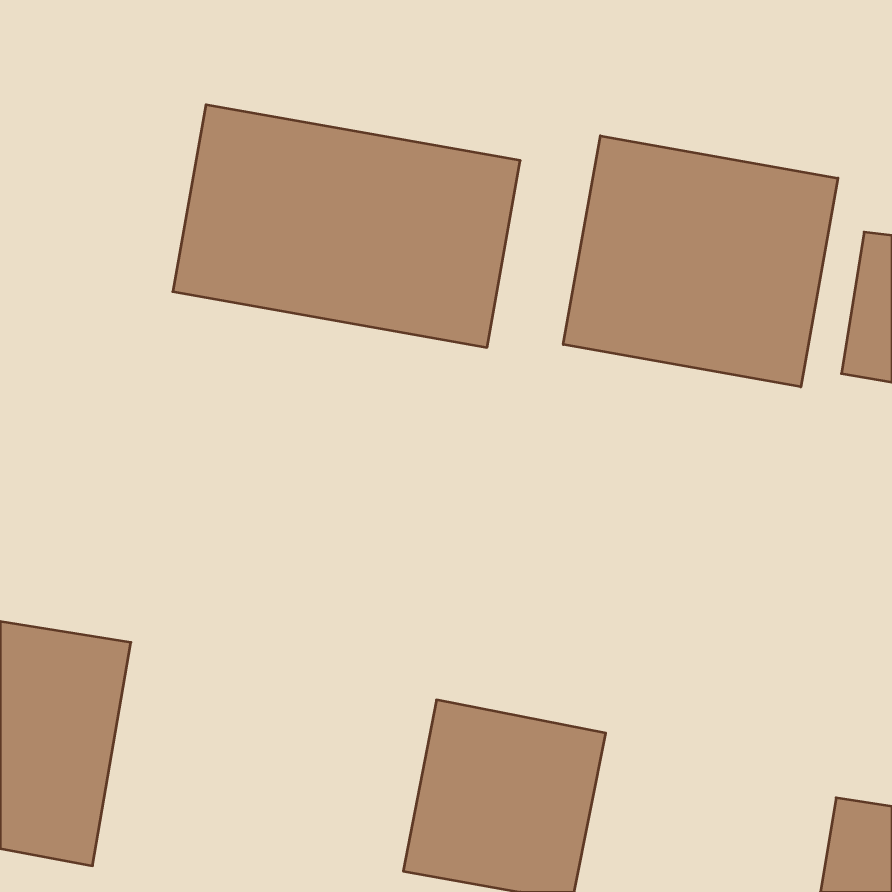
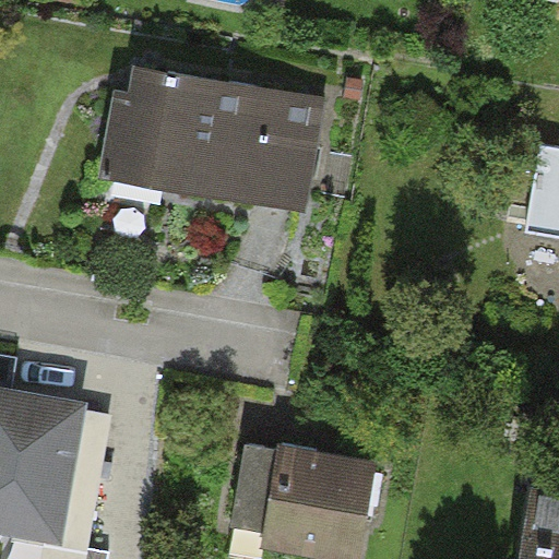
building: [563,136,838,387] -> none

